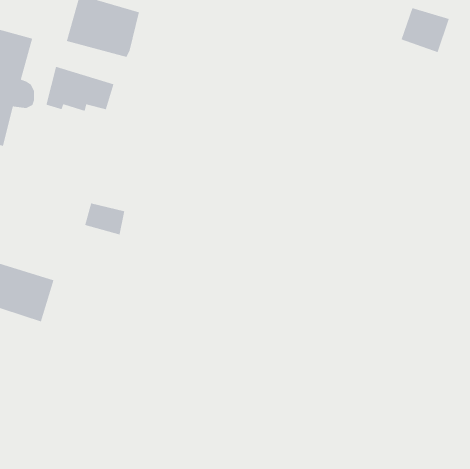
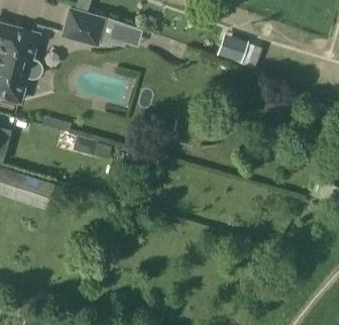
building: [400,7,450,53] -> [218,34,248,63]
building: [46,66,115,112] -> [101,19,143,47]

